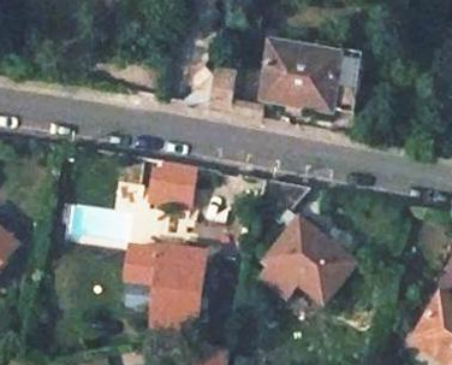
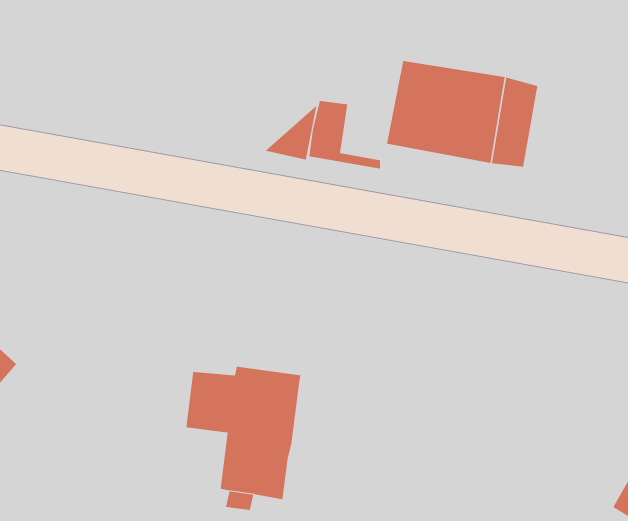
building: [143,159,192,207] -> none
building: [261,217,353,300] -> none

